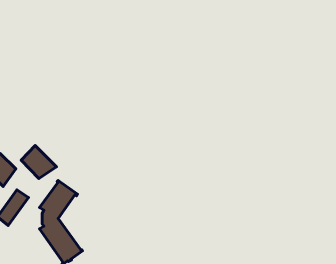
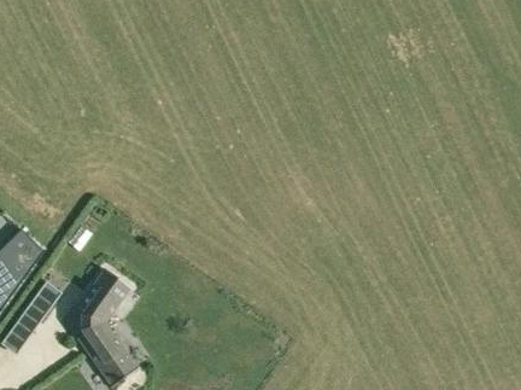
building: [21,145,56,179] -> none

